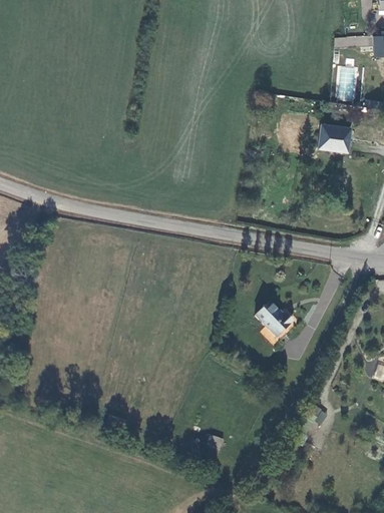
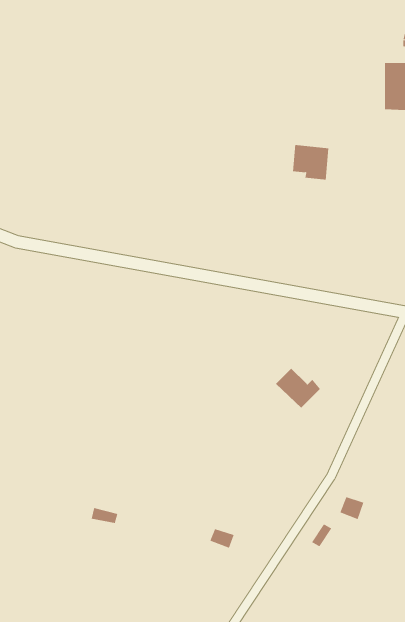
building: [317,120,347,149] -> [292,144,329,180]

